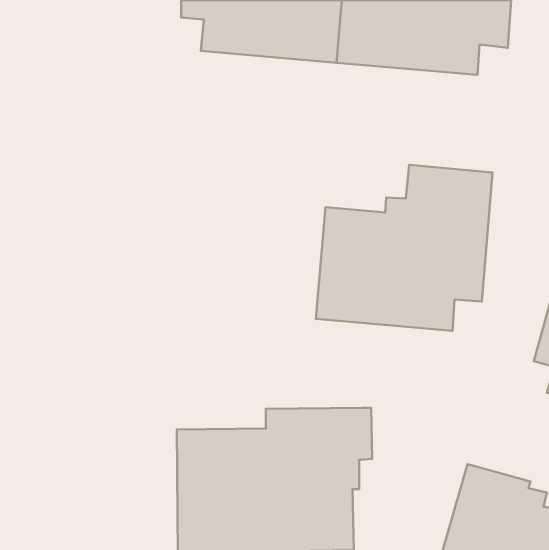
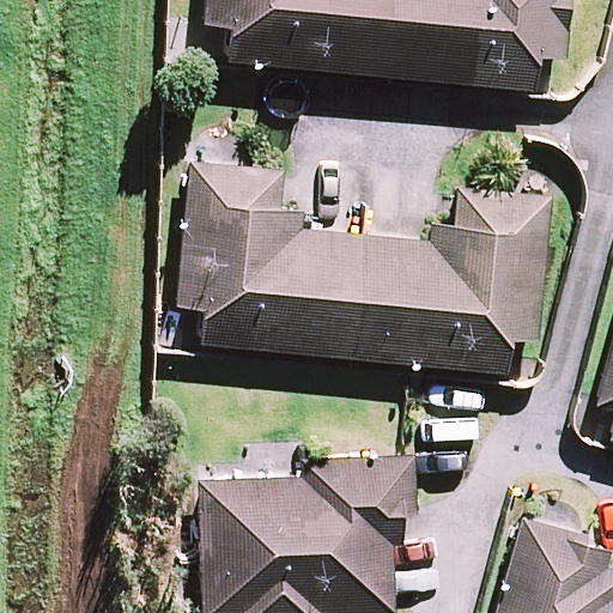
building: none -> [178,160,365,357]

